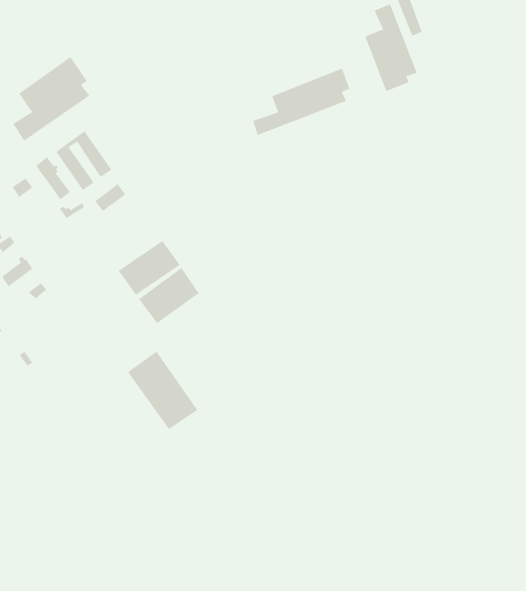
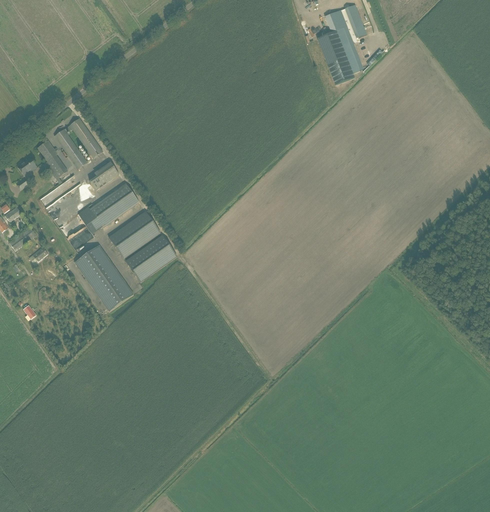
building: [13,56,90,142] -> none
building: [253,68,350,136] -> none
building: none -> [78,182,138,233]
building: [127,351,198,430] -> [73,243,133,310]

